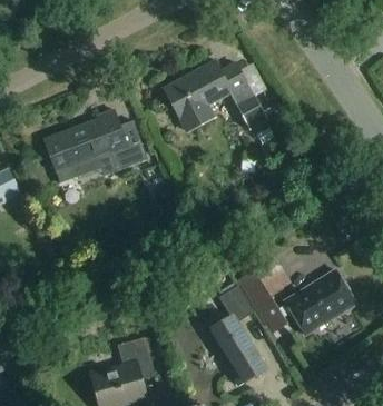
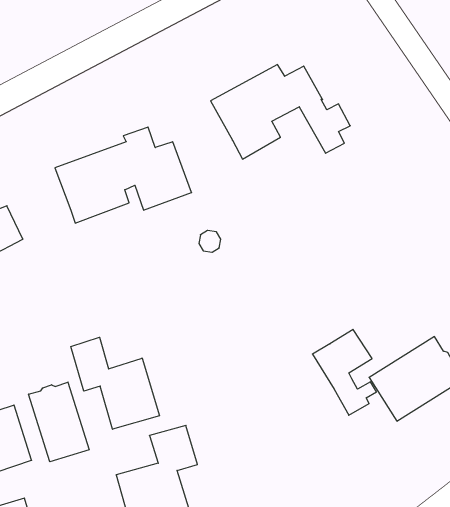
building: none -> [71,337,160,429]
building: [206,285,264,383] -> none
building: none -> [29,382,89,462]

